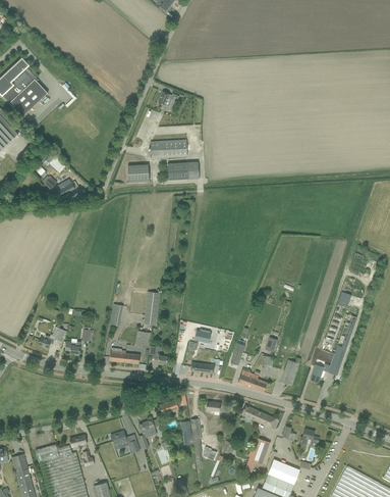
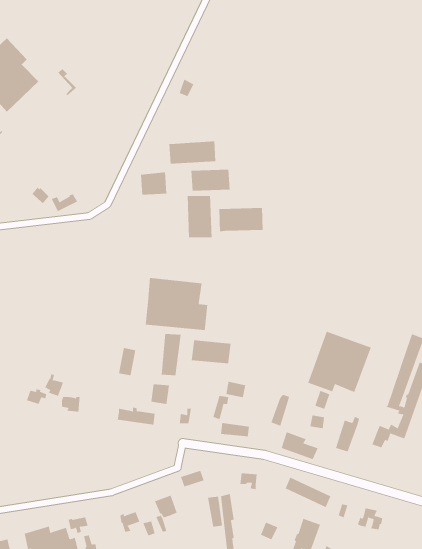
building: none -> [187,195,212,238]
building: none -> [219,207,263,232]
building: none -> [145,277,208,331]
building: none -> [308,331,372,393]
building: none -> [191,340,231,364]

